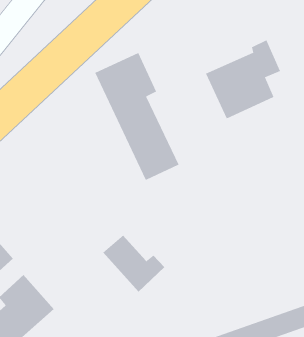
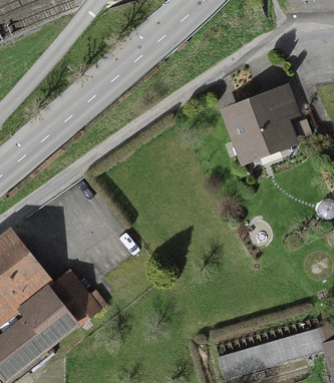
building: [94,52,180,181] -> none
building: [103,235,165,292] -> [48,272,105,326]

